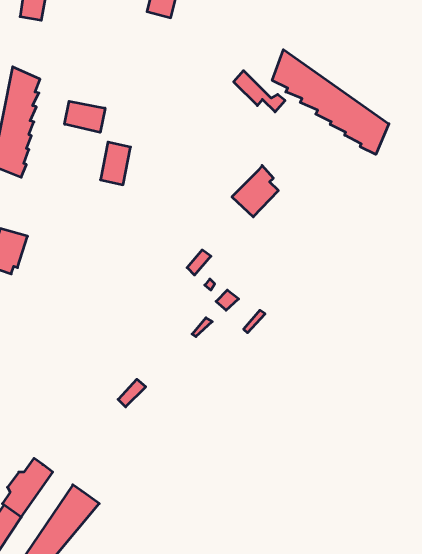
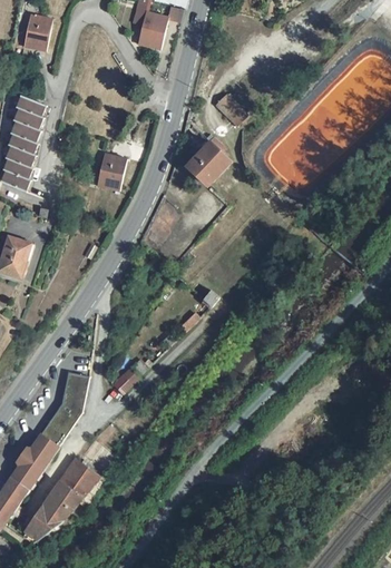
building: [272,50,389,154] -> none
building: [65,101,105,132] -> none
building: [232,165,278,217] -> [187,138,228,184]
building: none -> [38,375,86,451]

